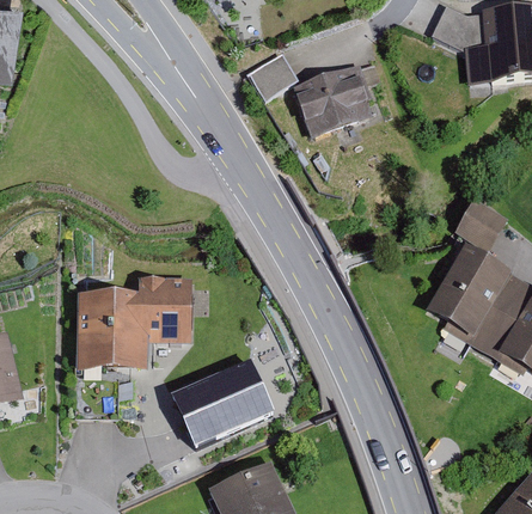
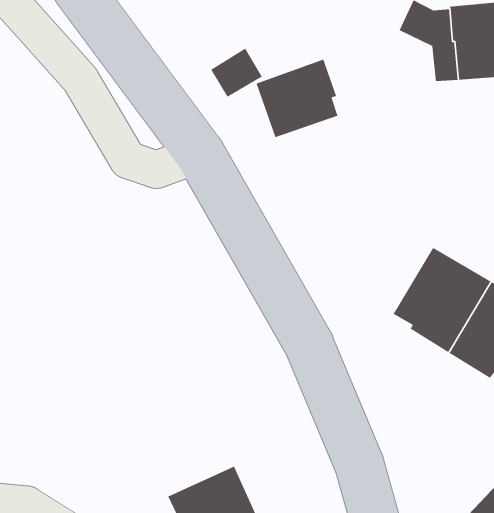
building: [455,196,507,247] -> none
building: [78,276,192,371] -> none
building: [183,360,270,443] -> none

